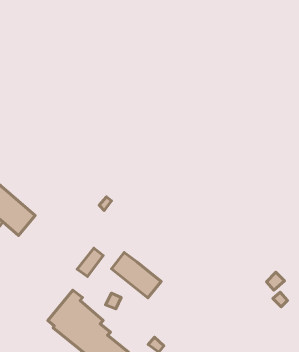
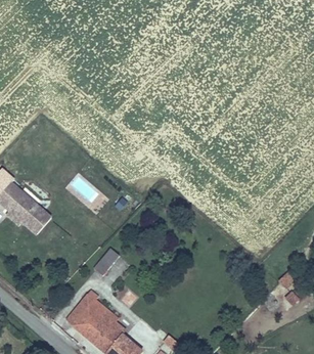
building: [112,252,161,298] -> none

